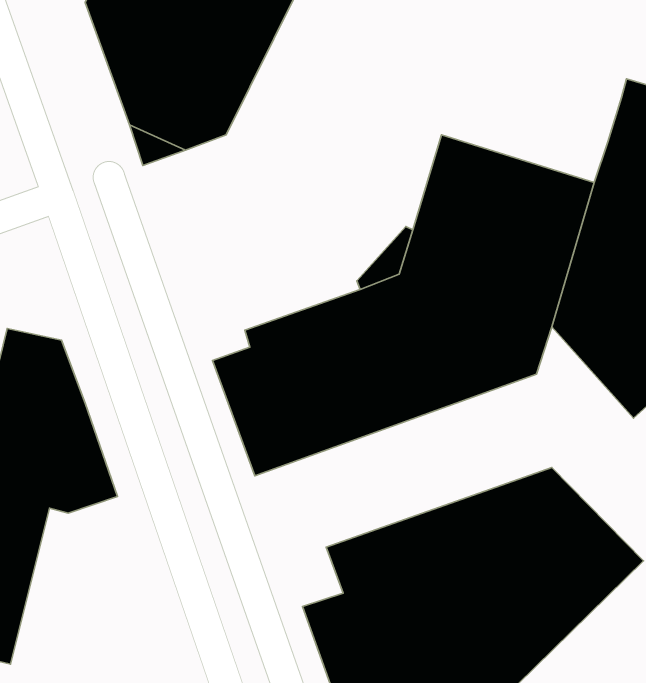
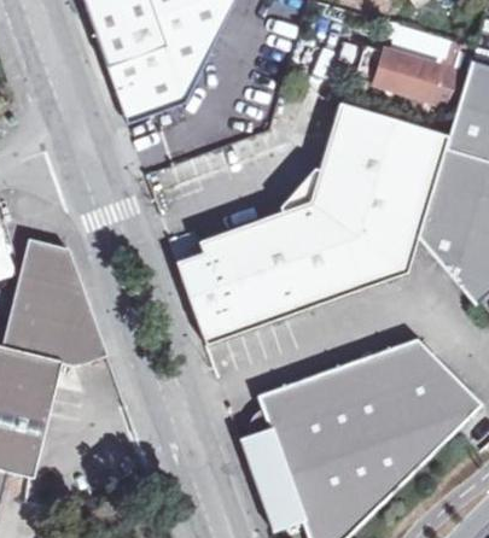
building: none -> [348,41,467,106]

